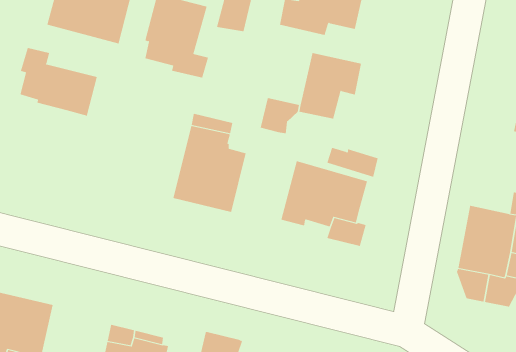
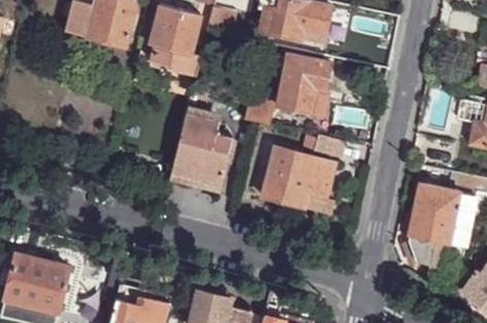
building: [20,47,98,116] -> none

